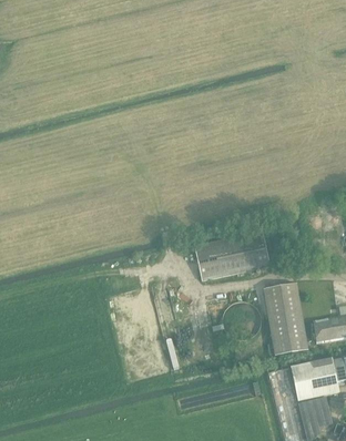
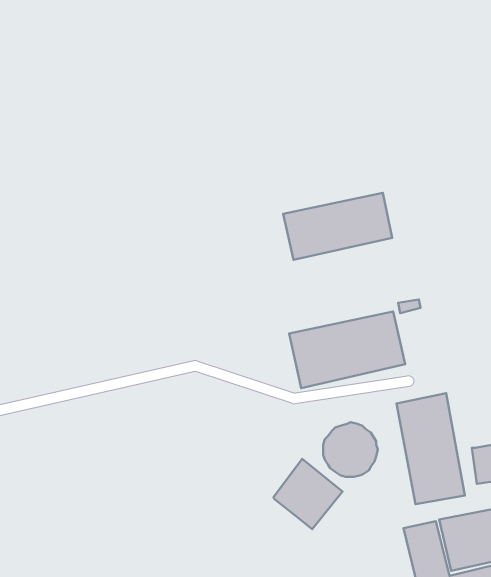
building: none -> [283,193,392,260]
building: none -> [273,459,343,529]

